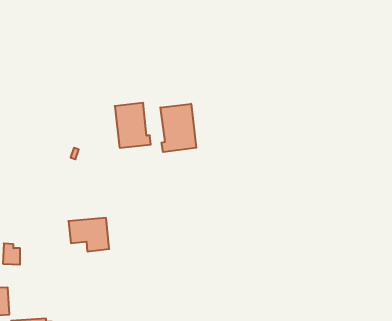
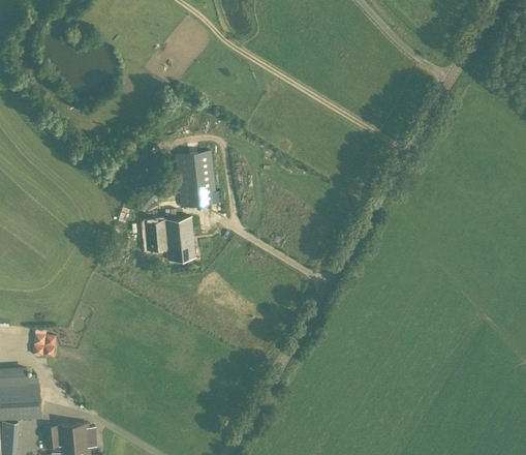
building: [160,104,196,152] -> none
building: [68,218,109,251] -> [143,218,194,261]

